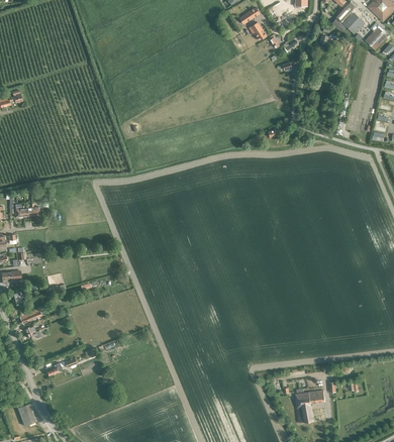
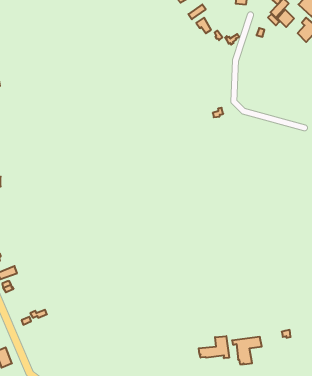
building: none -> [199,336,229,358]

